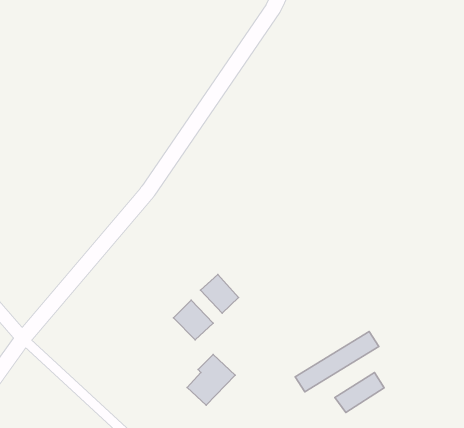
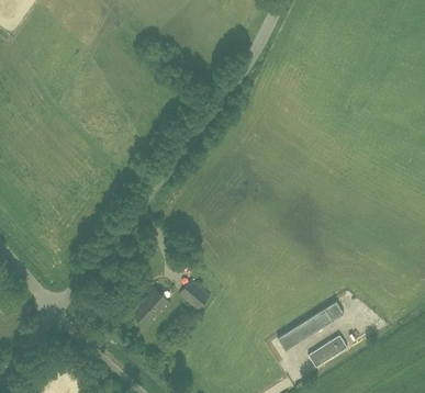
building: [201,275,238,313] -> none
building: [187,355,235,405] -> [133,288,171,328]

